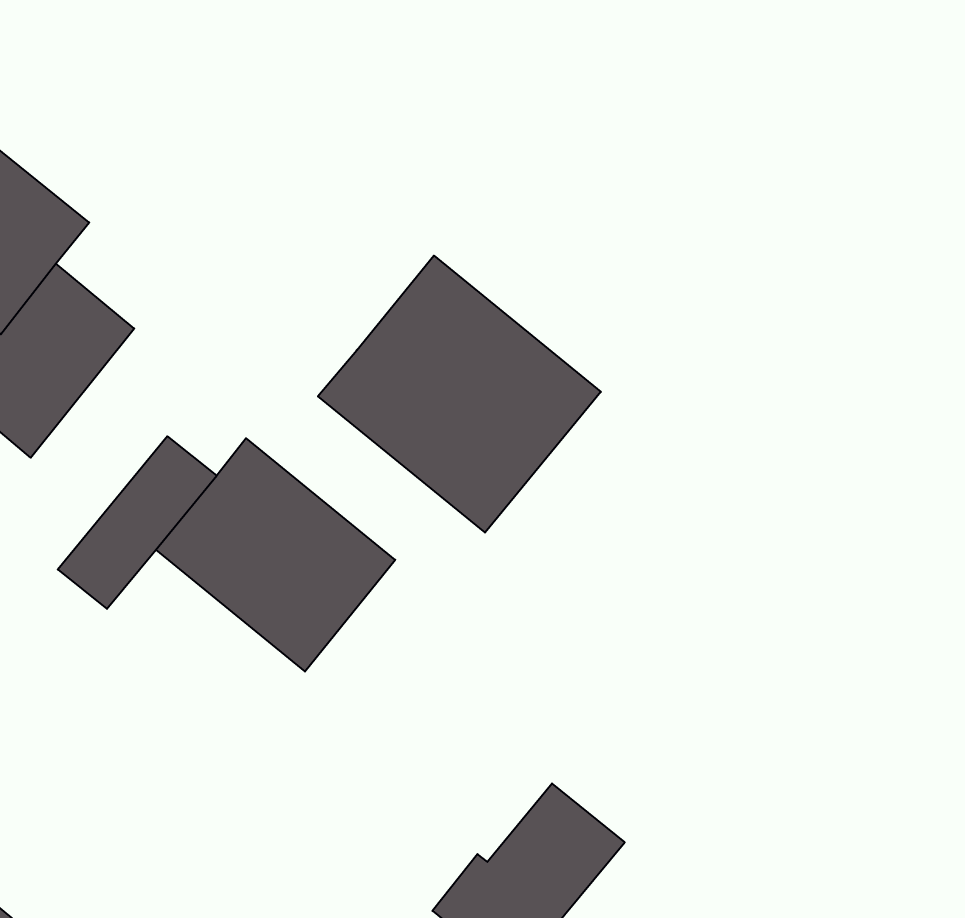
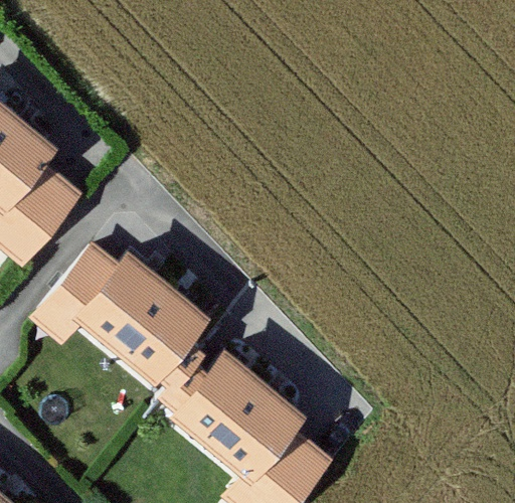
building: [318,256,601,533] -> none
building: none -> [183,355,304,473]

